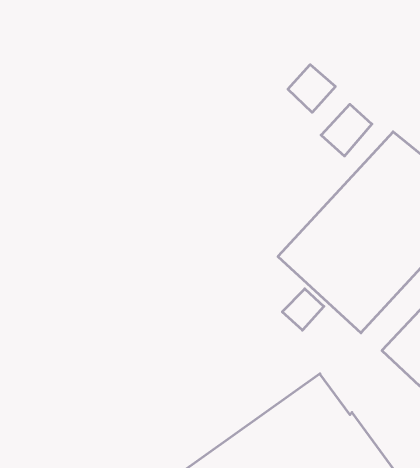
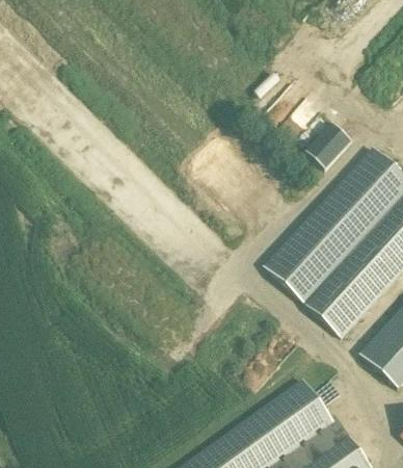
building: [288,65,335,112] -> none
building: [282,289,324,330] -> none

